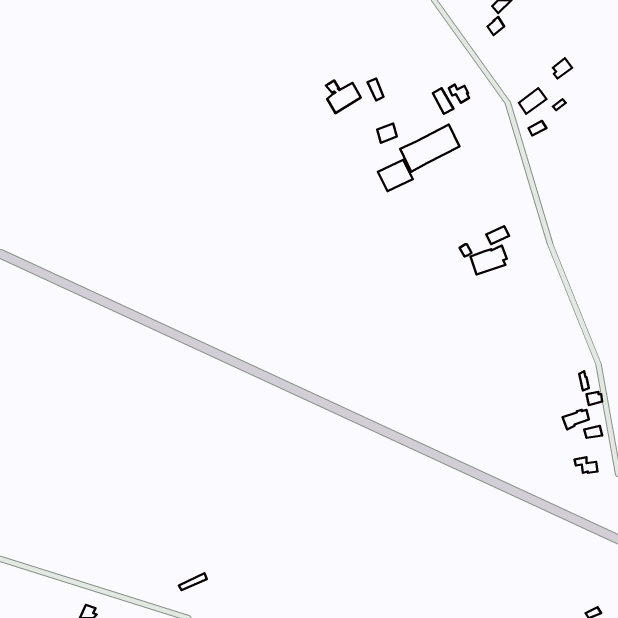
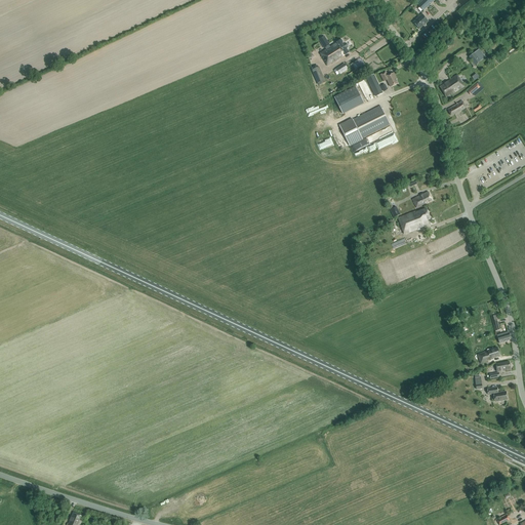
building: [326,81,361,113] -> [319,38,349,66]
building: [378,160,413,191] -> [334,87,364,114]

